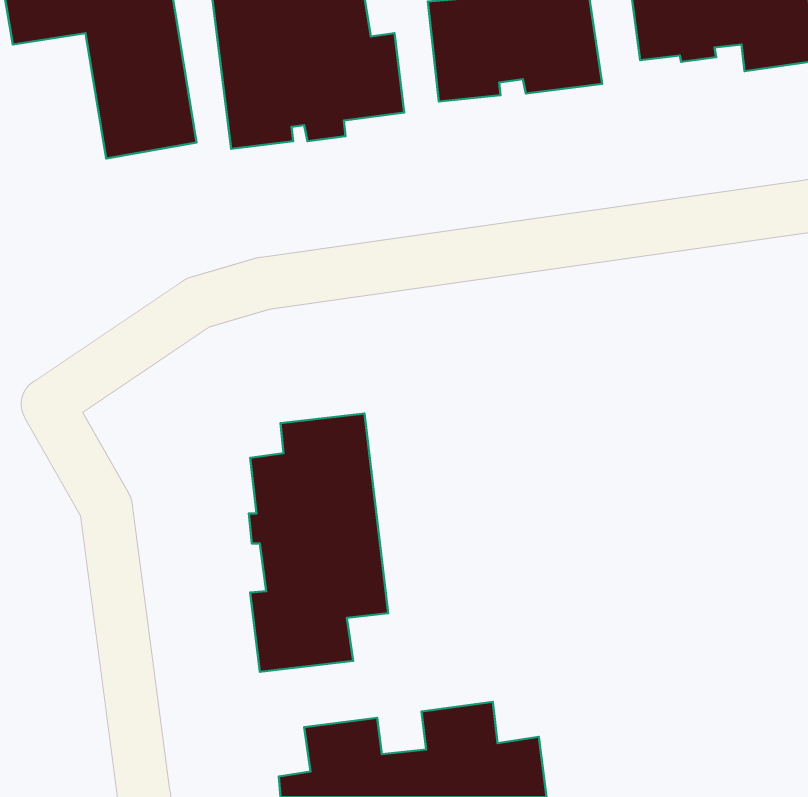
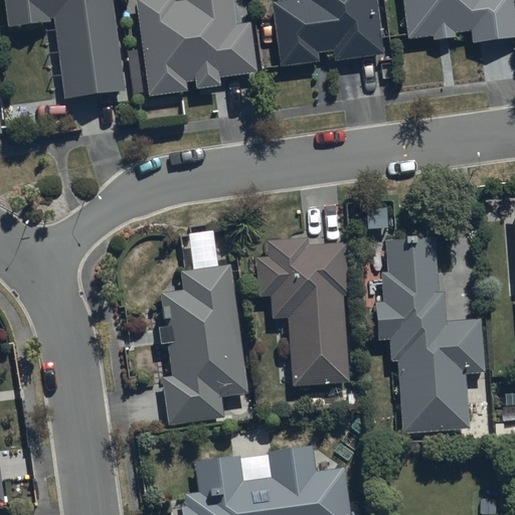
building: none -> [373,230,484,433]
building: none -> [256,237,351,384]

